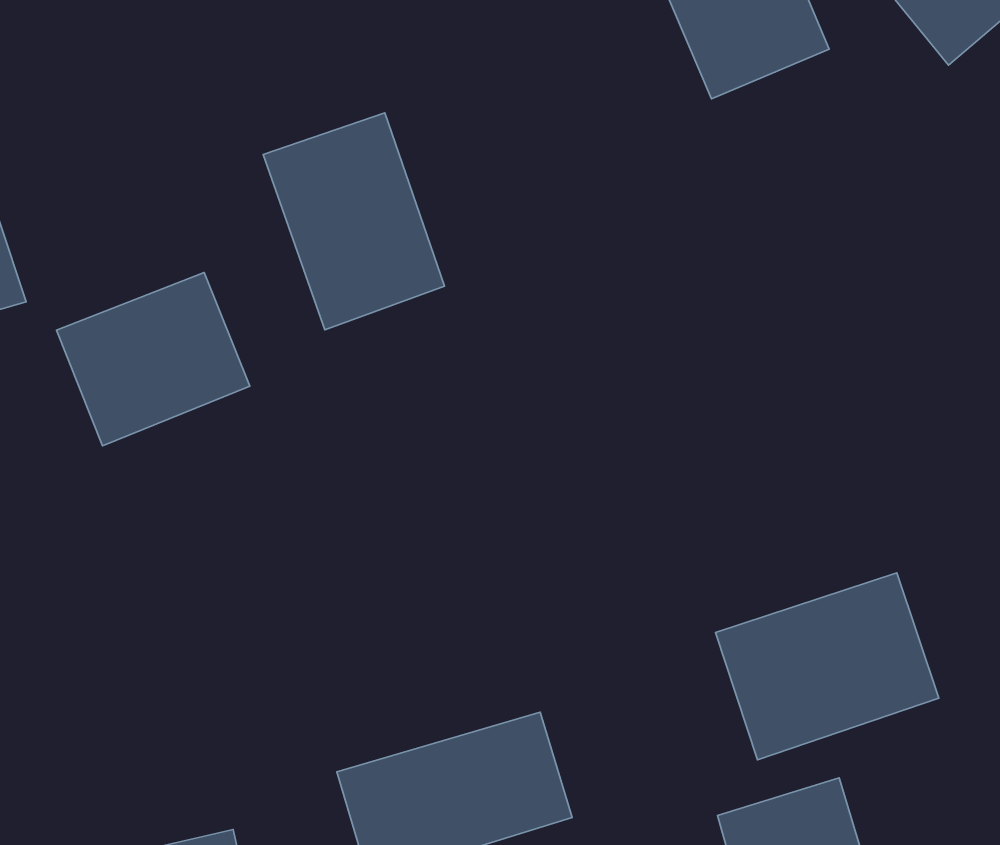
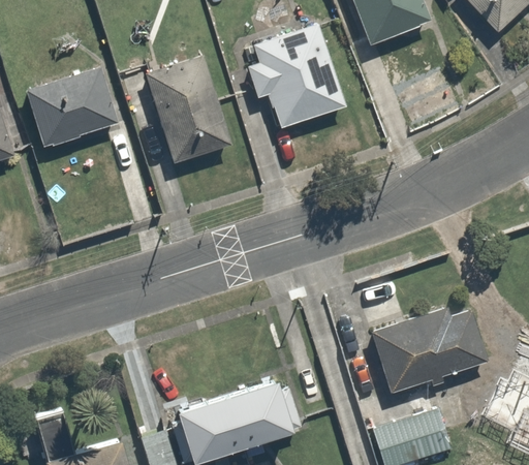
building: none -> [246,23,342,131]
building: [57,273,250,446] -> [25,63,125,153]

